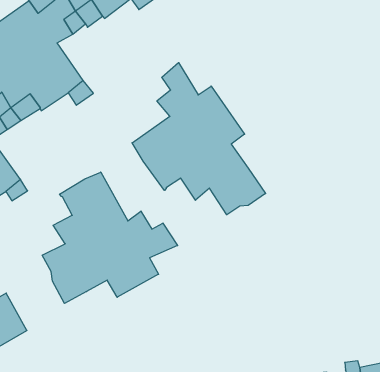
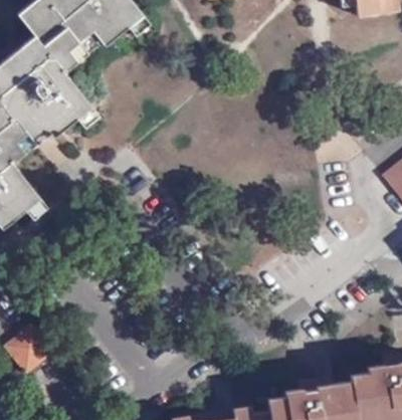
building: [132,63,266,215] -> none
building: [42,172,178,303] -> none

